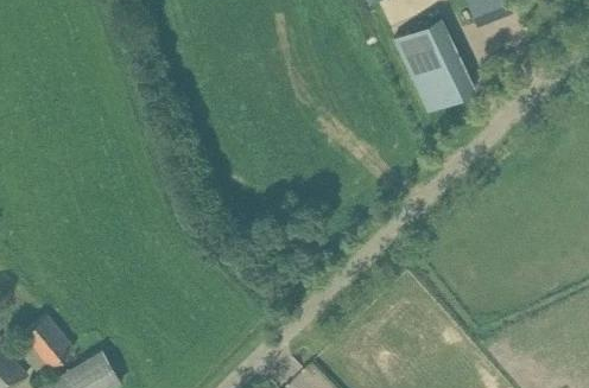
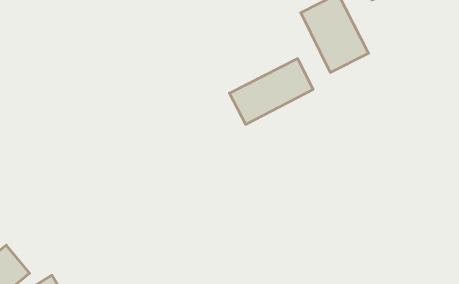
building: none -> [229,59,313,124]

